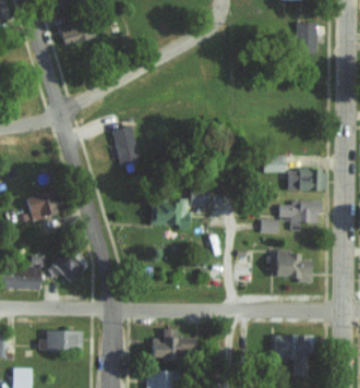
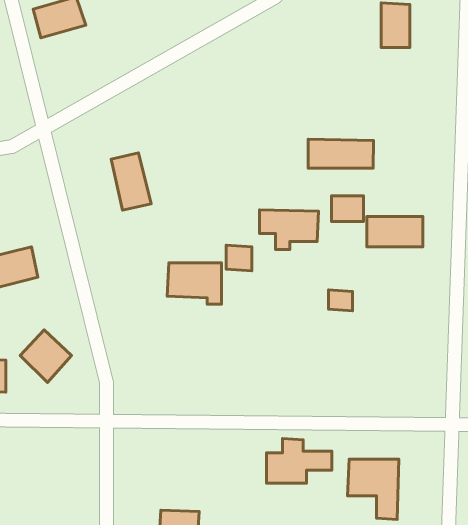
building: none -> [308,139,374,168]
building: [279,201,320,228] -> [260,210,319,250]
building: [275,251,312,282] -> none
building: [152,328,196,359] -> [266,438,332,483]
building: [45,330,82,352] -> none

